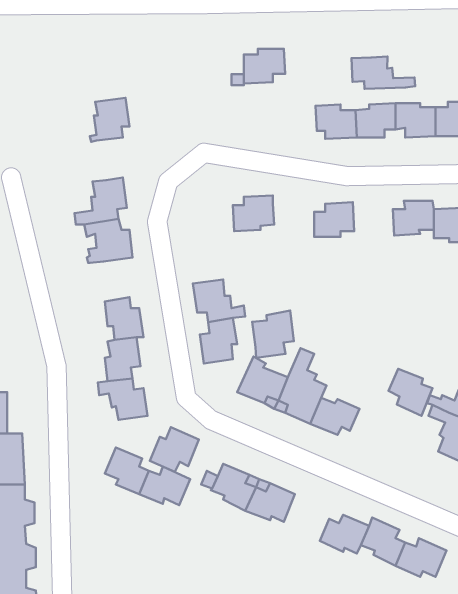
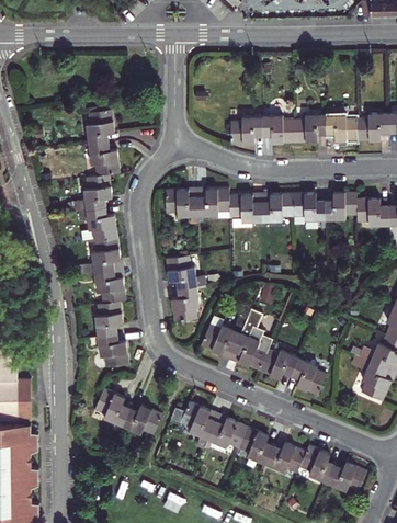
building: [244,49,285,83] -> [230,116,263,144]
building: [351,56,415,89] -> none
building: none -> [83,141,120,175]
building: none -> [166,189,197,216]
building: none -> [292,192,325,219]
building: none -> [228,194,261,221]
building: none -> [79,237,120,274]
building: [252,310,294,358] -> none
building: [389,369,433,416] -> [290,357,325,395]
building: [150,427,199,472] -> none
building: none -> [237,425,273,463]

